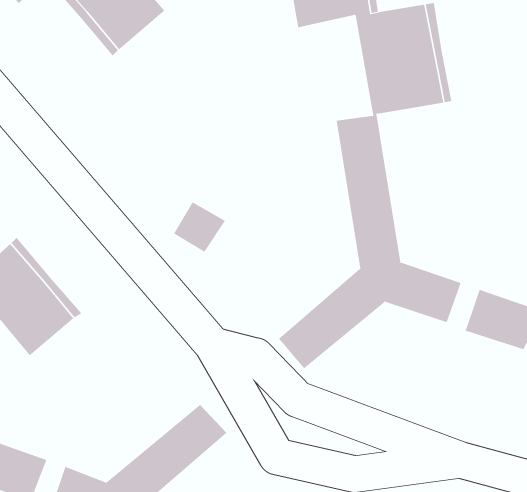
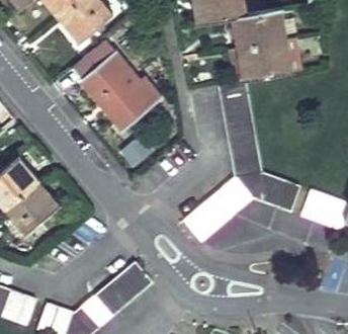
building: none -> [73,39,161,130]

